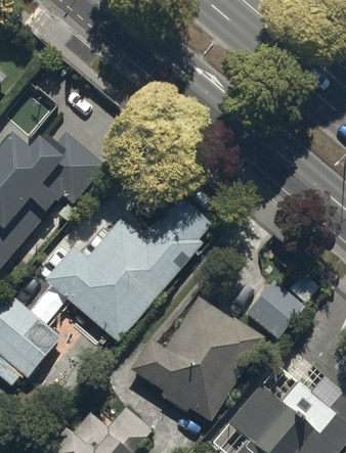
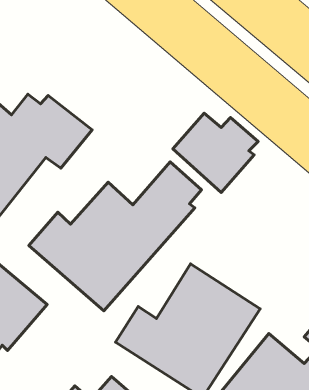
building: none -> [173,113,258,192]
building: [246,280,304,339] -> none

